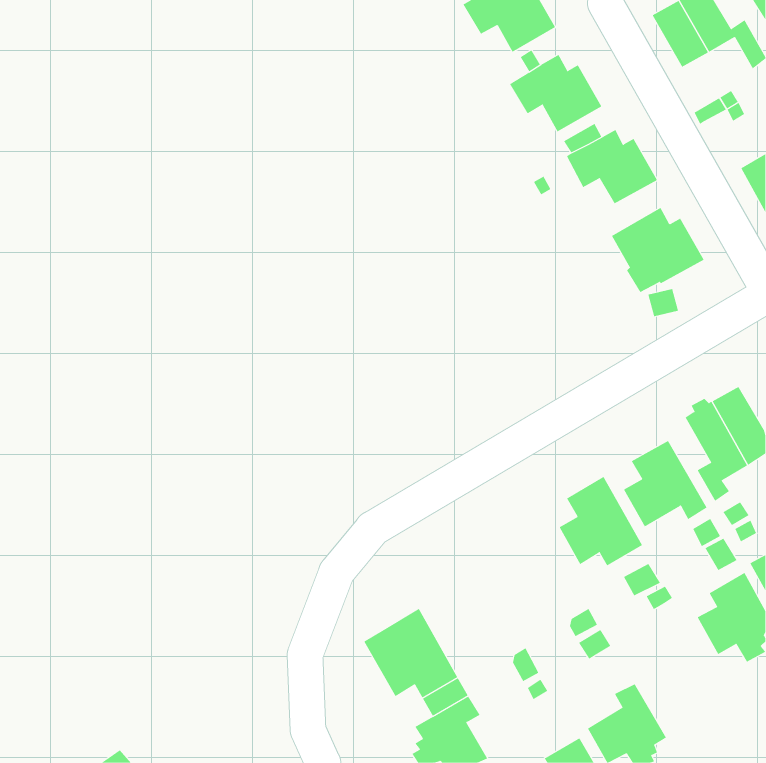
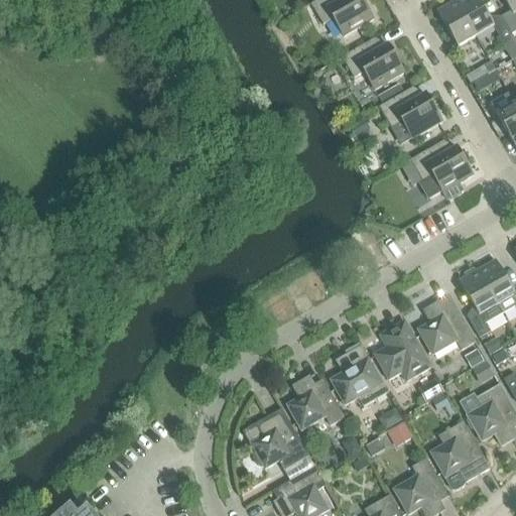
building: none -> [331,345,388,405]
building: none -> [287,378,344,429]
building: none -> [430,421,490,482]

